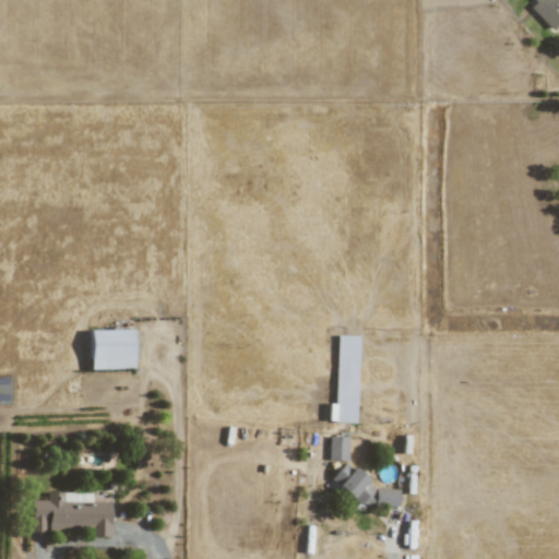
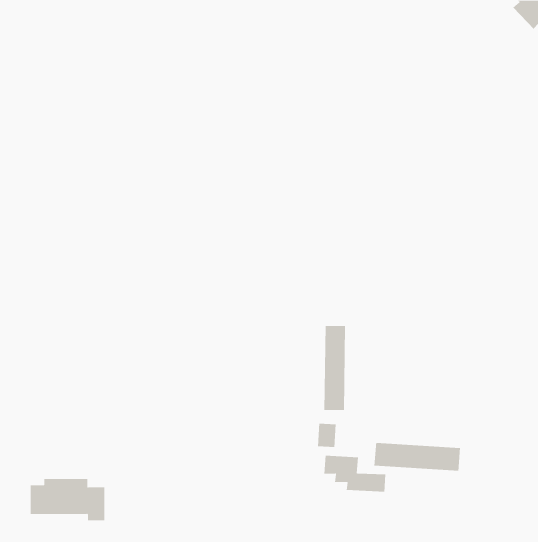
building: [92,329,136,369] -> none
building: none -> [374,442,461,472]

